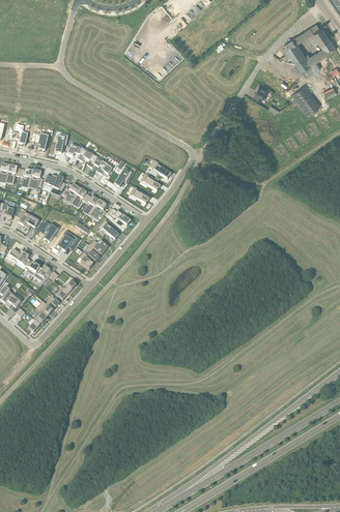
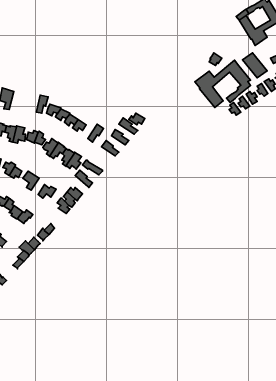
building: none -> [195,60,251,108]

